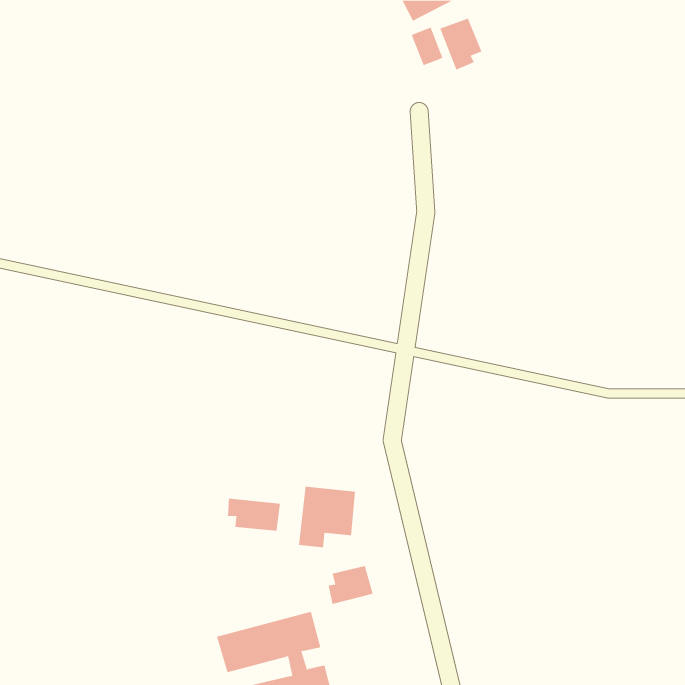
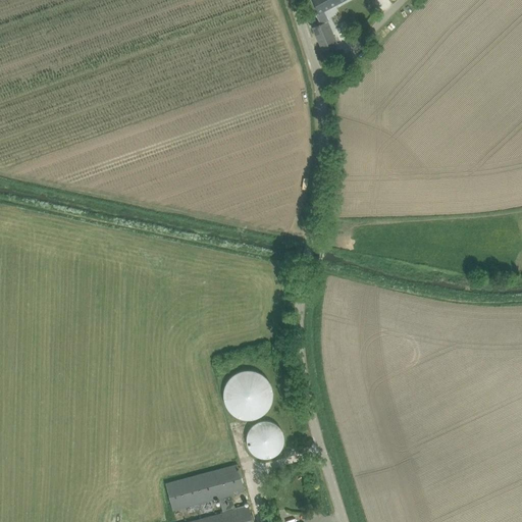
building: [440,18,482,71] -> none
building: [228,498,281,531] -> none

